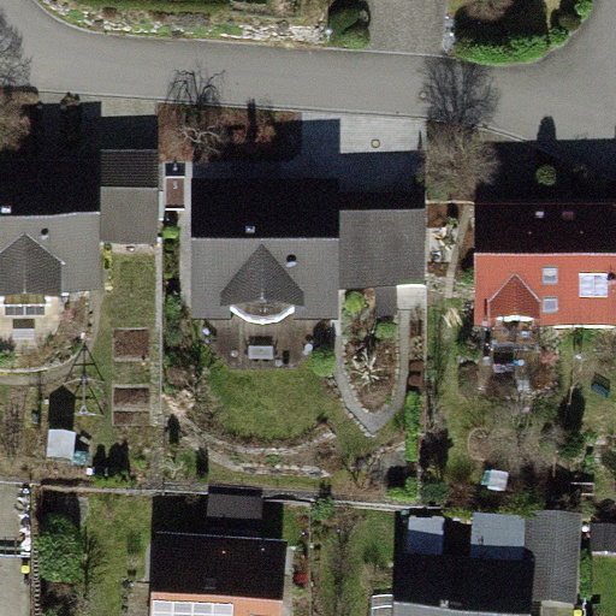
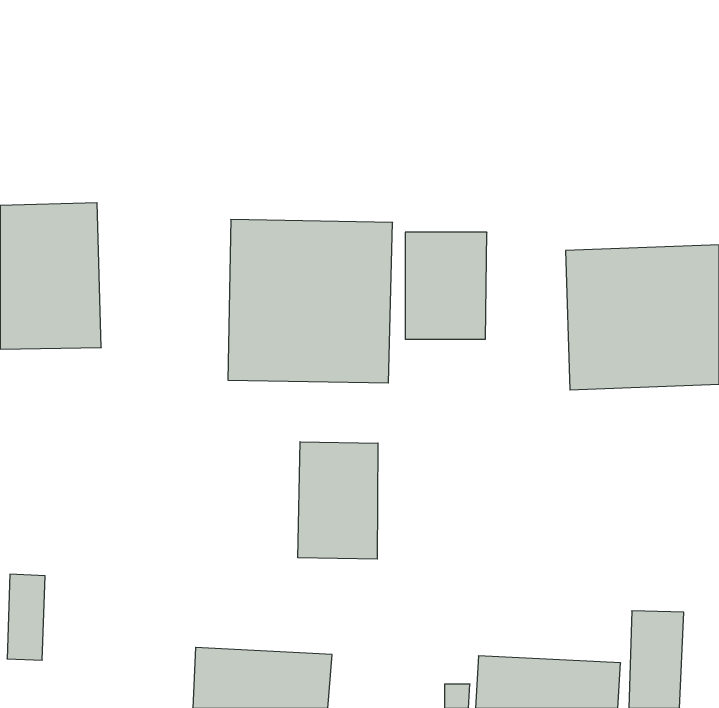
building: [93,155,159,254] -> none
building: none -> [298,442,378,559]

